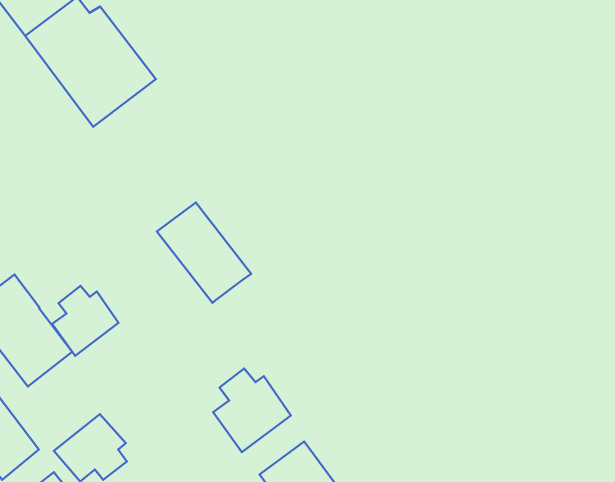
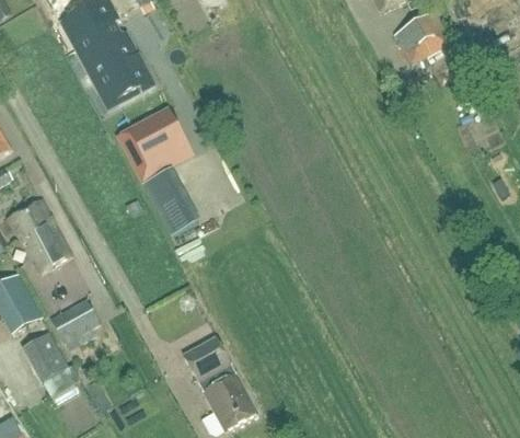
building: none -> [114,103,183,170]
building: [52,286,118,356] -> none
building: [213,368,291,452] -> none

